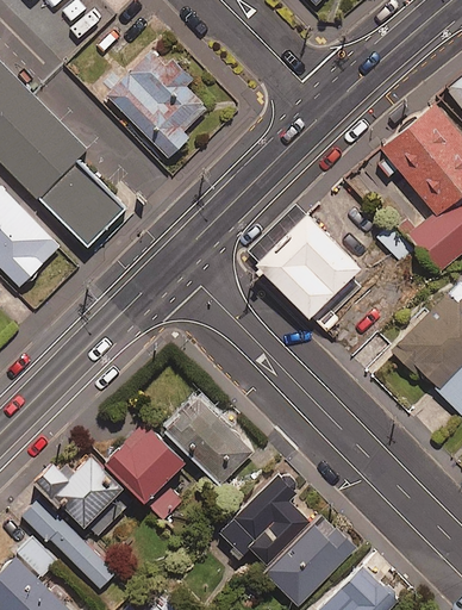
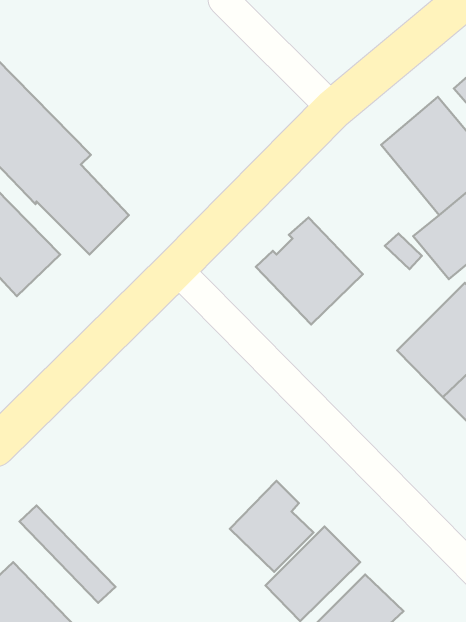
building: [107,55,208,163] -> none
building: [167,394,255,483] -> none
building: [108,415,187,493] -> none
building: [36,450,125,522] -> none

